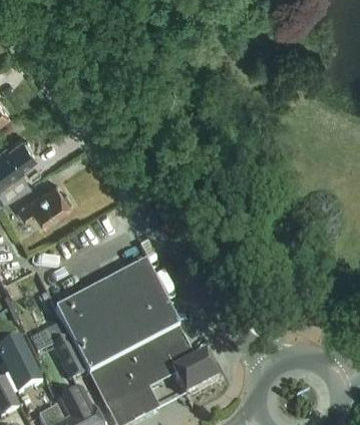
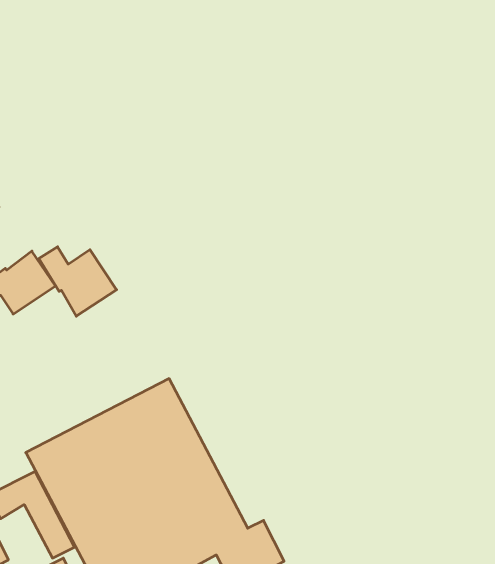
building: none -> [39,247,117,316]

